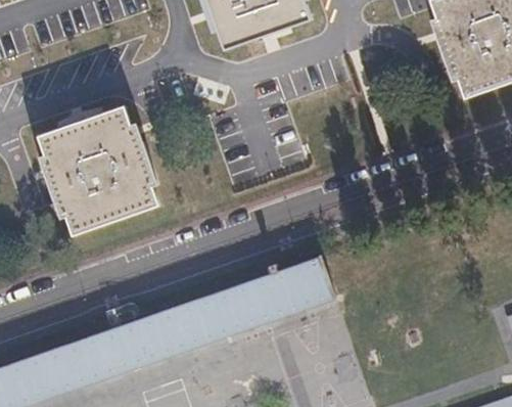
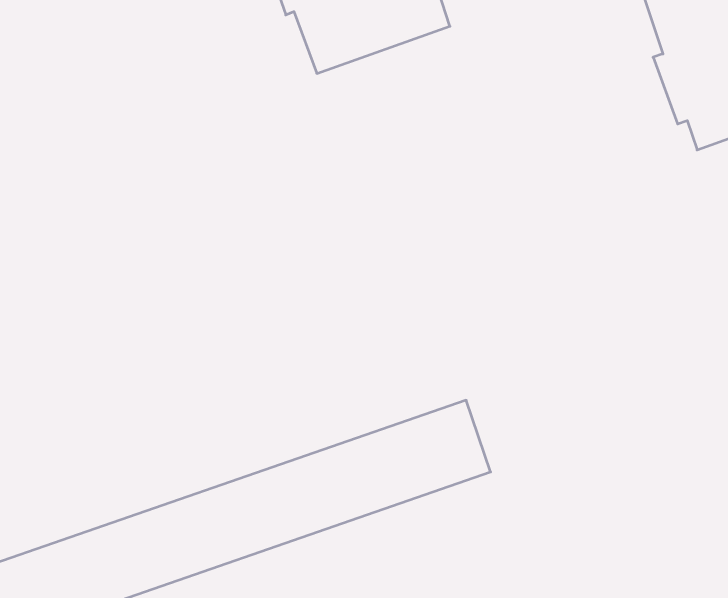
building: [39,107,157,236] -> none

